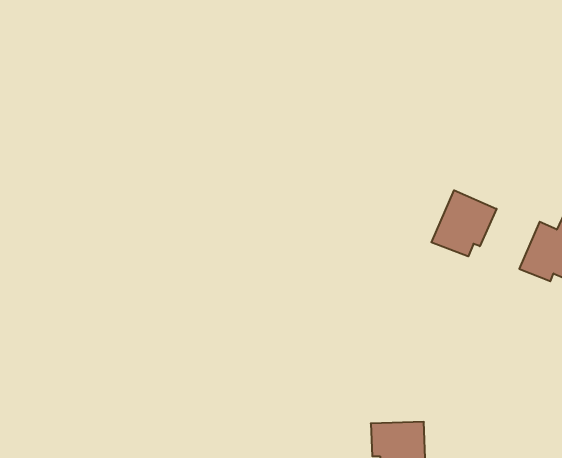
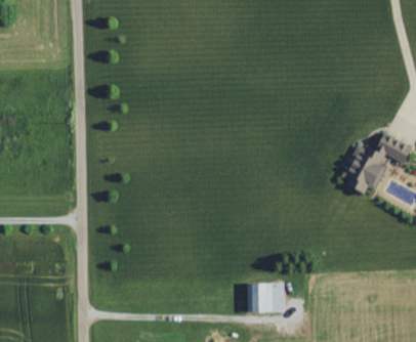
building: [431,190,497,256] -> none

